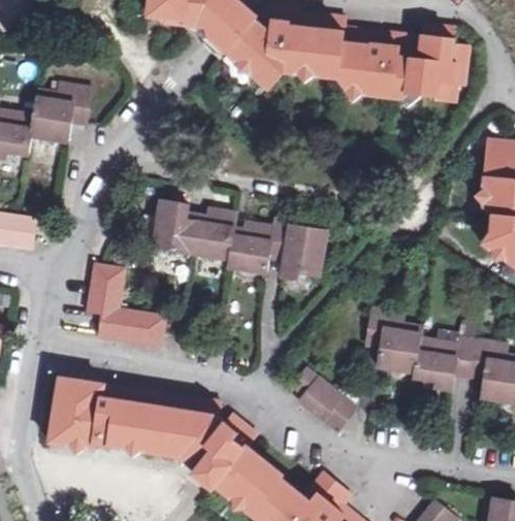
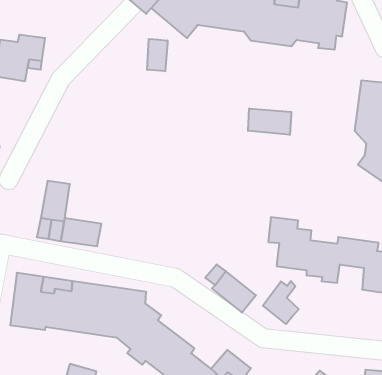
building: none -> [147,39,168,71]
building: none -> [248,108,291,135]
building: [156,201,329,285] -> none
building: none -> [263,281,299,324]

